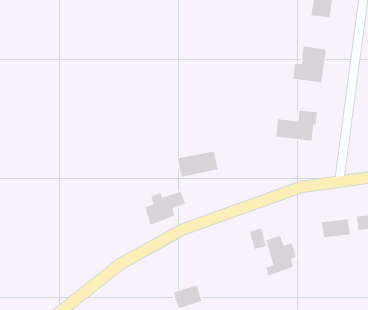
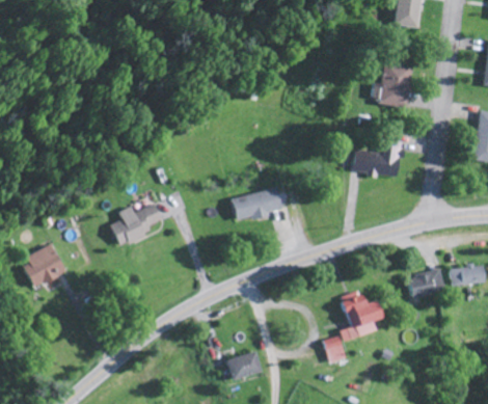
building: [144,191,186,226] -> [111,205,162,247]
building: none -> [24,244,65,287]
building: [249,228,267,250] -> [324,335,346,362]

